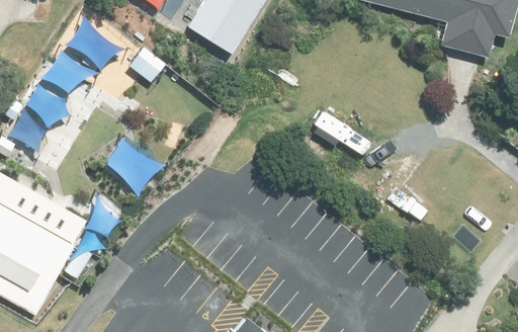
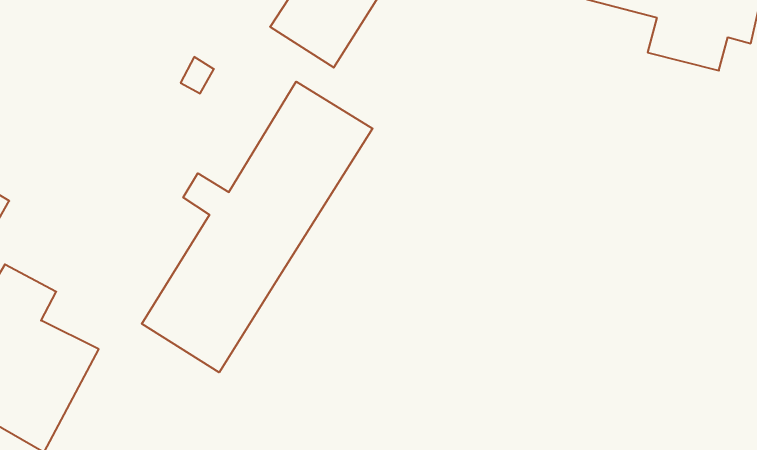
building: none -> [142,82,373,372]

